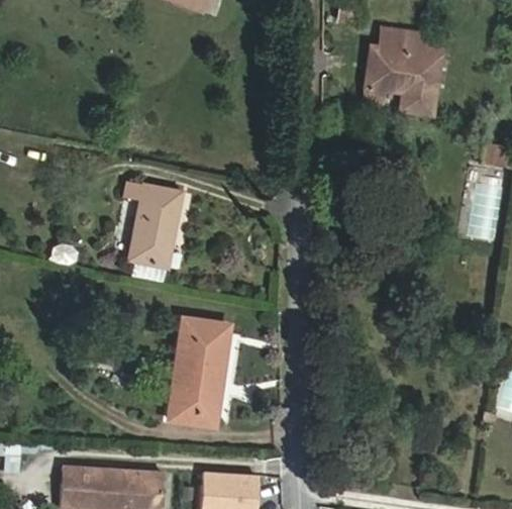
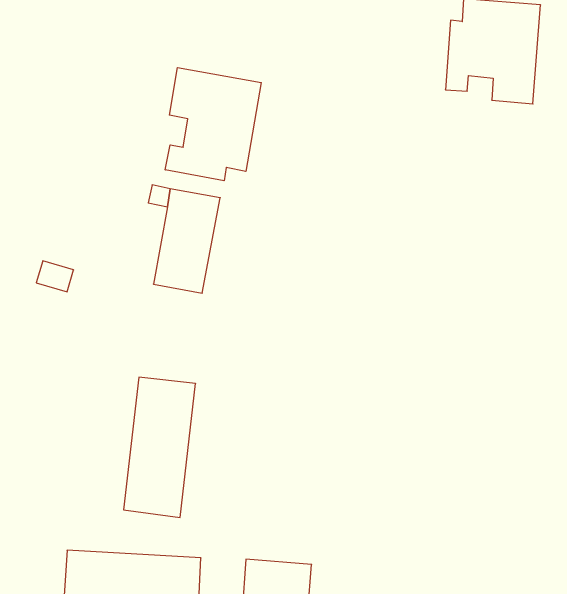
building: none -> [165,68,261,181]
building: [165,315,221,425] -> [124,377,196,517]

